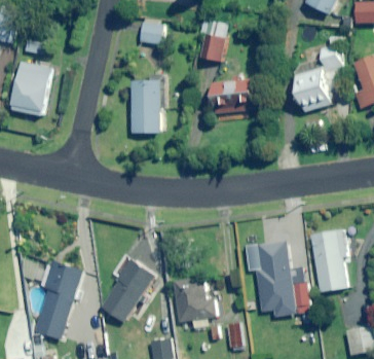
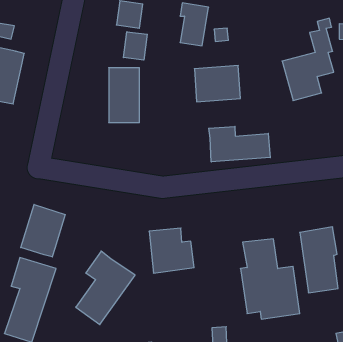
building: none -> [123,32,147,60]
building: none -> [209,126,270,162]
building: none -> [21,204,65,257]
building: [175,280,217,322] -> [149,228,194,273]

